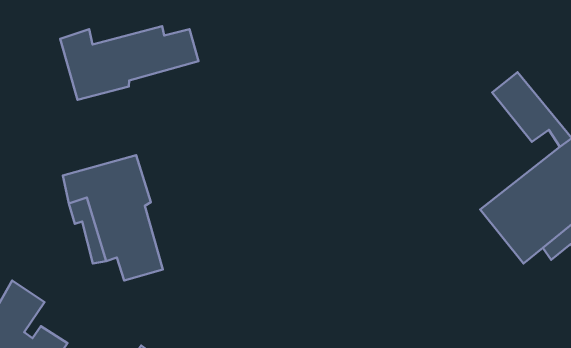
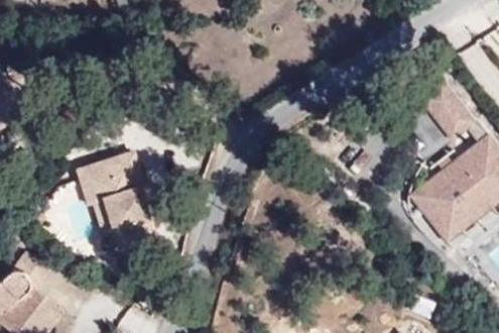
building: [60,26,198,100] -> none

